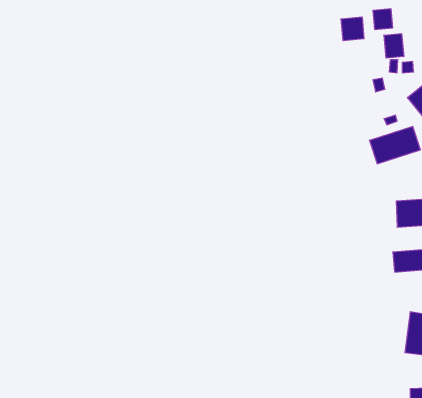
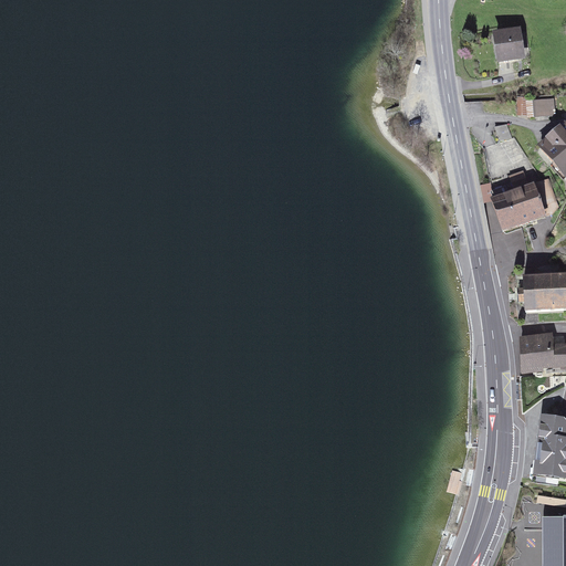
building: [341,17,364,41] -> none
building: [384,34,404,58] -> none

